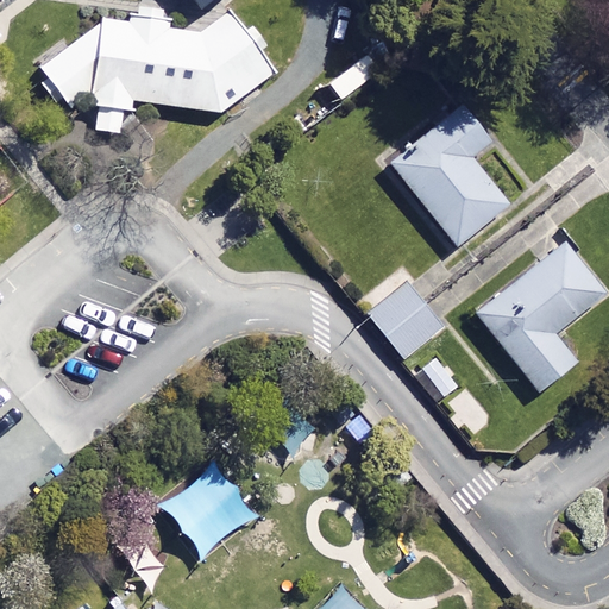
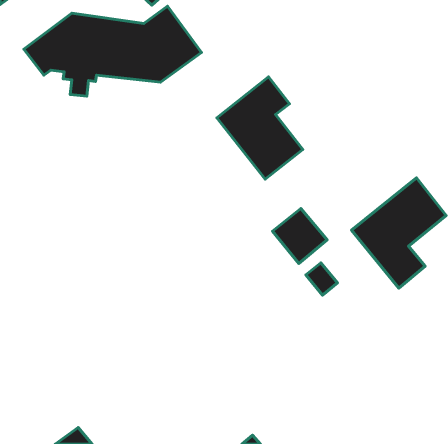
building: [393,106,509,245] -> [217,77,303,179]
building: [165,462,257,553] -> none

